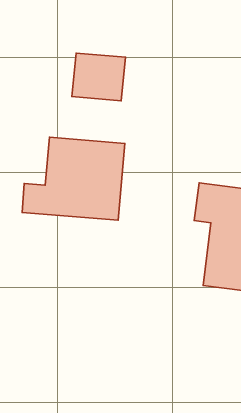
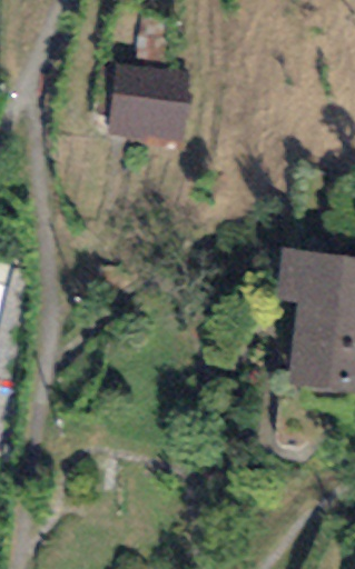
building: [22,137,125,220] -> none

